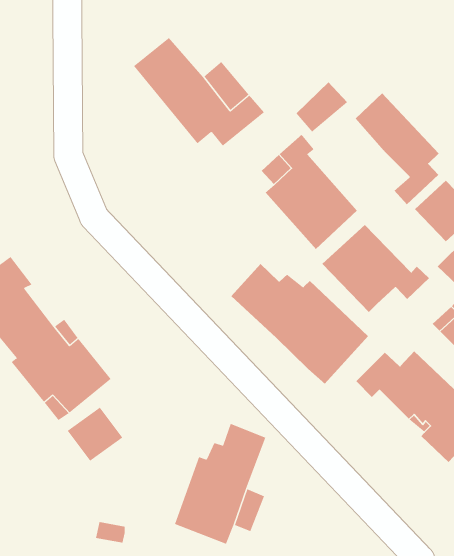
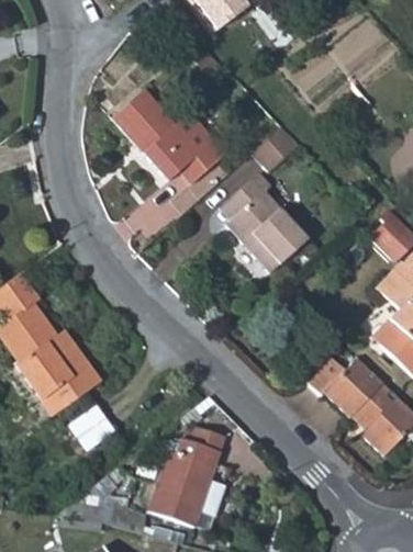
building: [355,93,440,205] -> none
building: [322,224,430,313] -> none
building: [231,263,369,384] -> none

